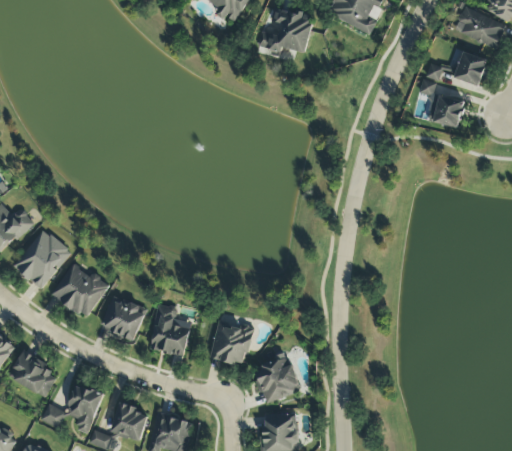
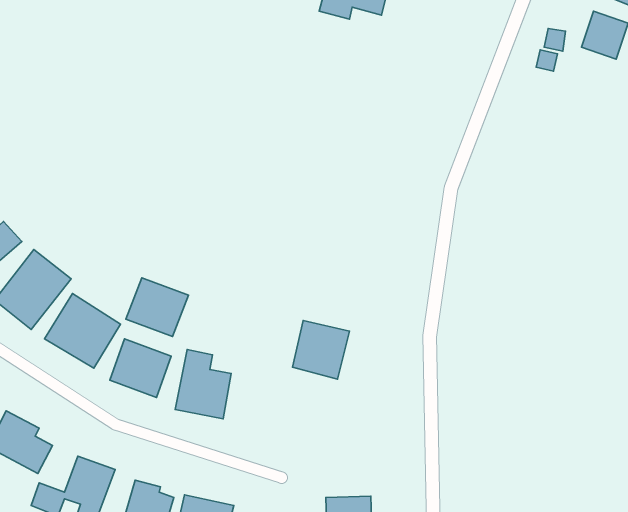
building: [434,95,464,126] -> none
building: none -> [126,278,189,336]
building: [210,322,253,366] -> [292,320,350,379]
building: [255,356,300,402] -> none

